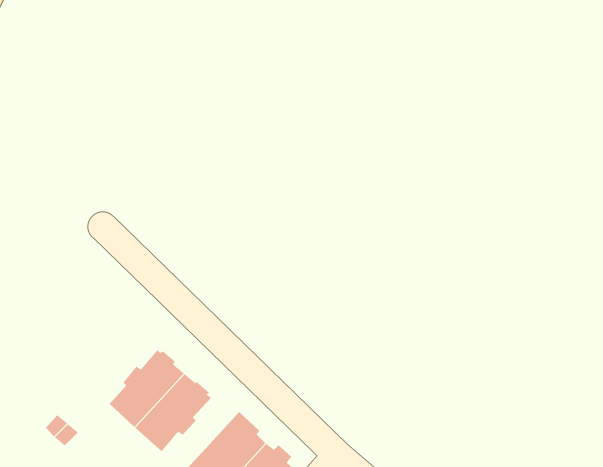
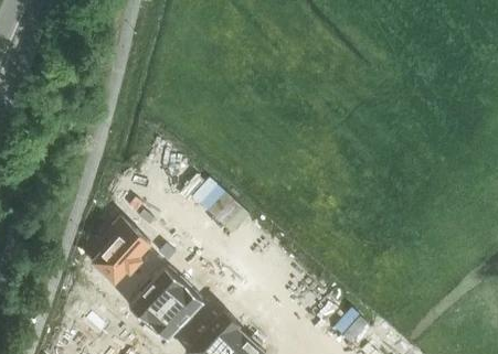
building: none -> [92,216,150,283]

